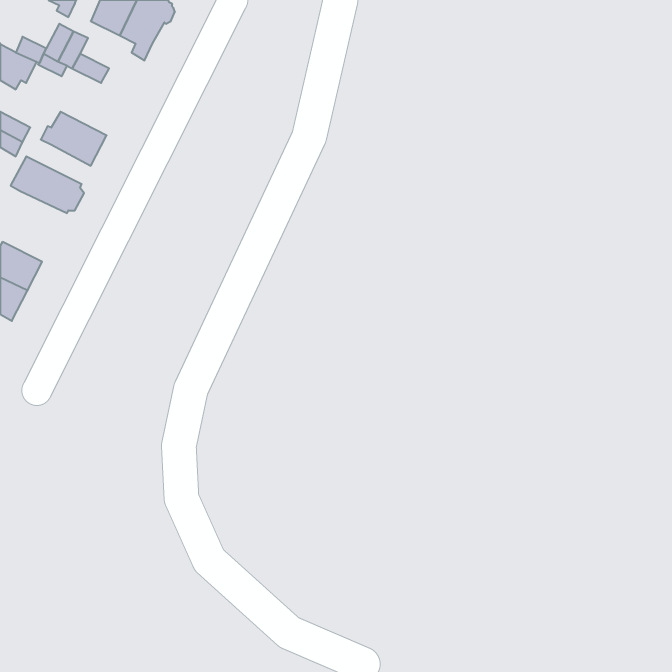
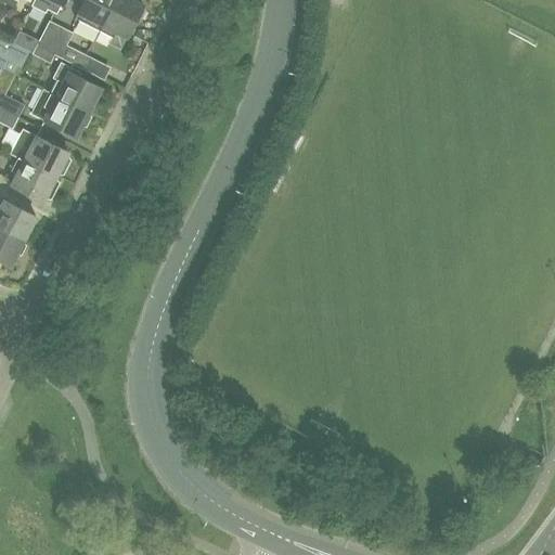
building: none -> [50,62,101,112]
building: none -> [10,157,57,201]

